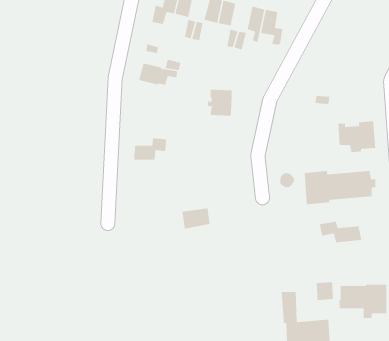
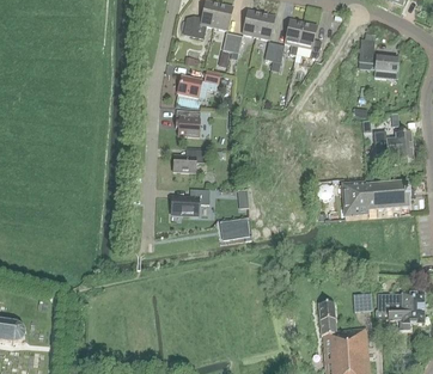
building: none -> [358,38,397,78]
building: [207,89,233,117] -> [175,109,200,136]
building: none -> [171,189,209,214]
building: [319,221,362,243] -> none

